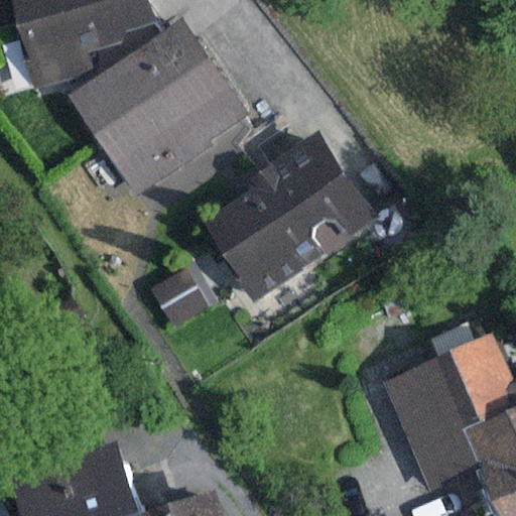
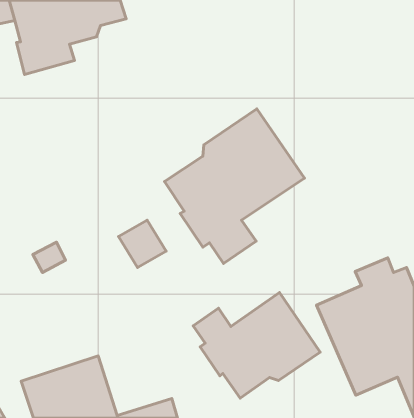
building: [66,19,247,199] -> none
building: none -> [193,292,320,398]

